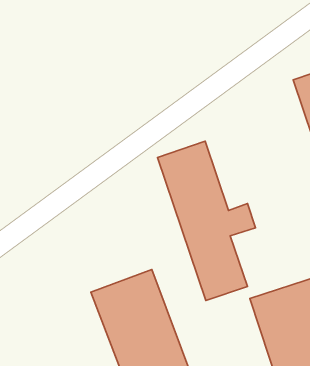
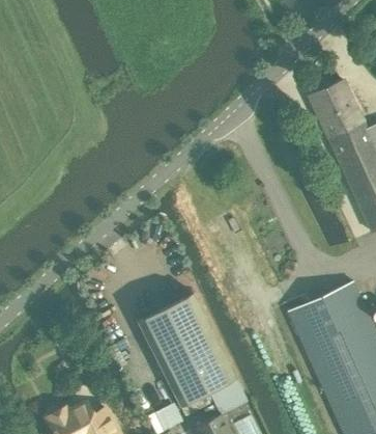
building: [158,141,256,301] -> none

